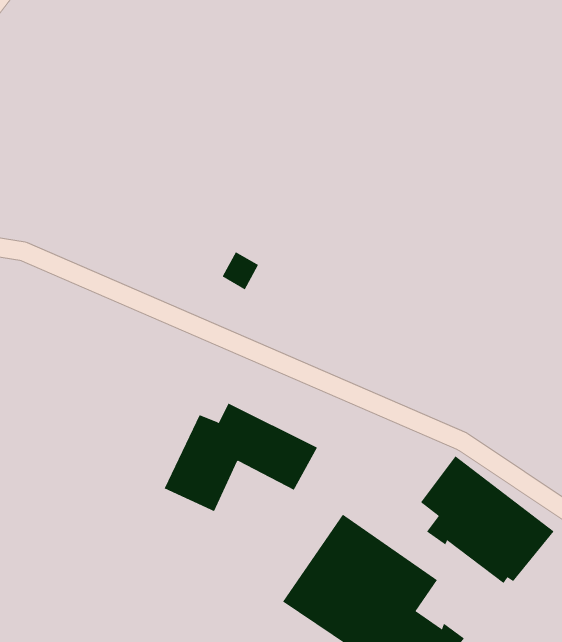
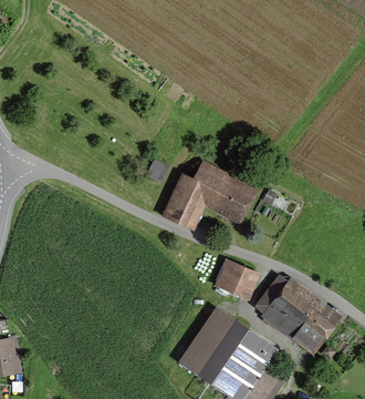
building: [164,403,318,512] -> [164,166,251,228]
building: none -> [218,259,251,295]

